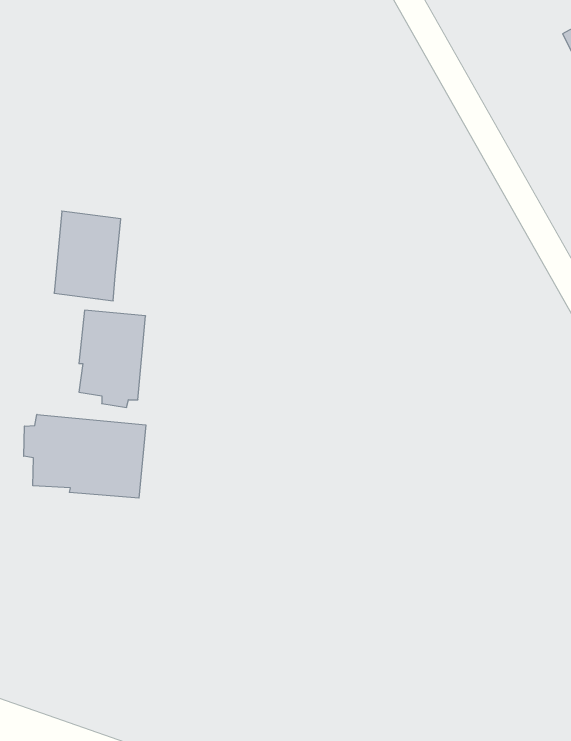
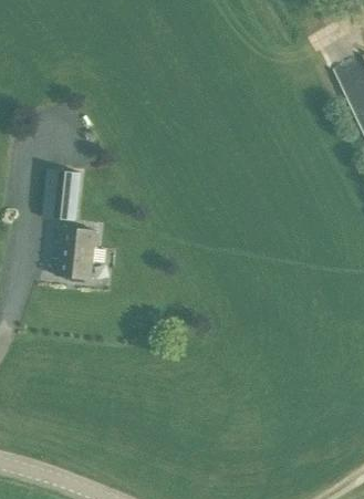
building: [24,414,146,498] -> none

